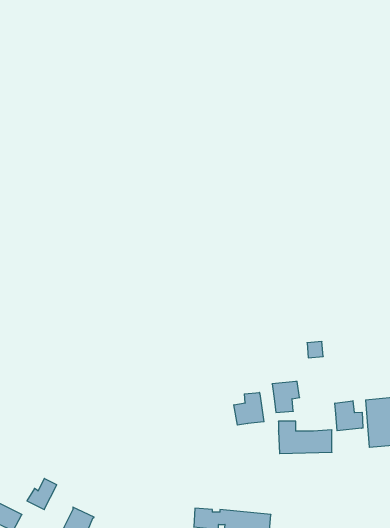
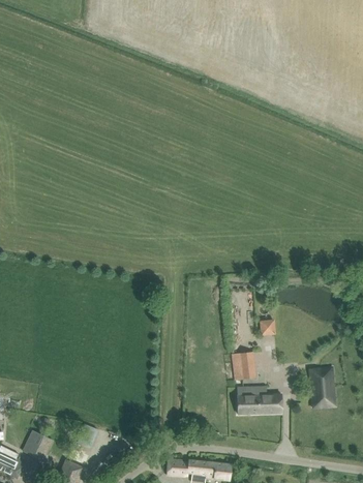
building: [234,392,264,425] -> none
building: [335,401,363,431] -> none

